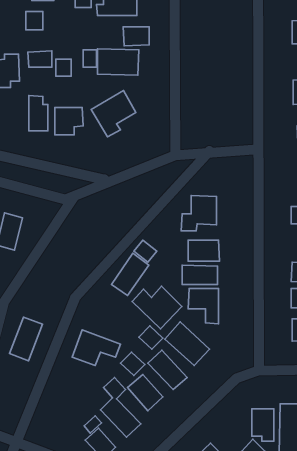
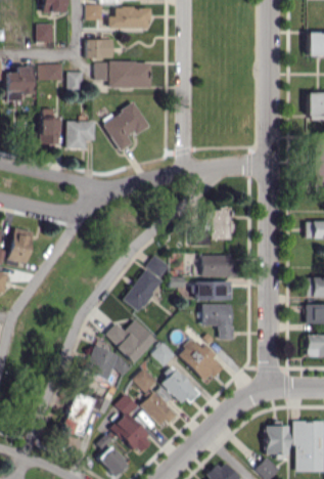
building: [123,27,149,46] -> [86,39,112,58]
building: [132,286,182,329] -> [105,319,155,362]
building: [9,317,43,361] -> [61,392,95,436]

